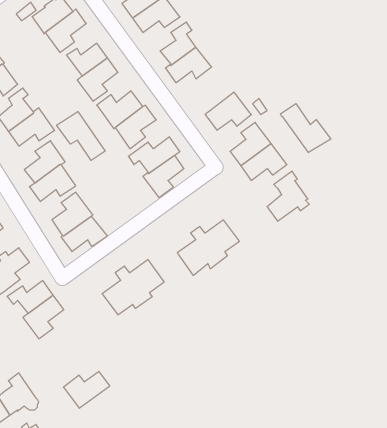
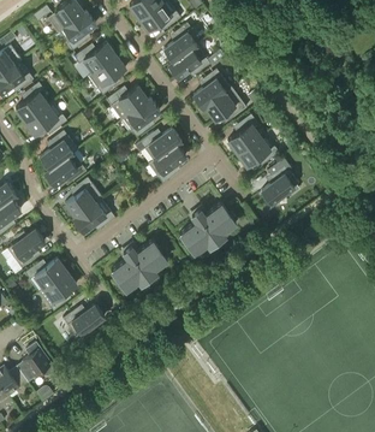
building: none -> [192,69,230,108]
building: [280,104,331,153] -> none
building: [57,112,105,160] -> none
building: [63,371,110,408] -> [62,304,105,338]

